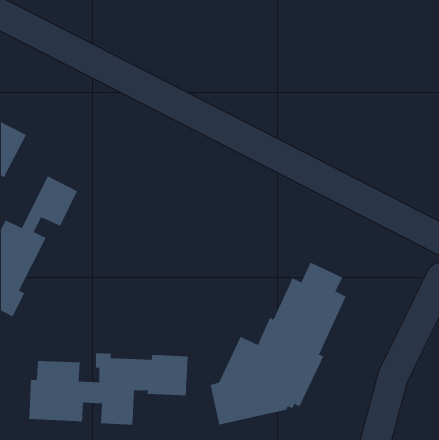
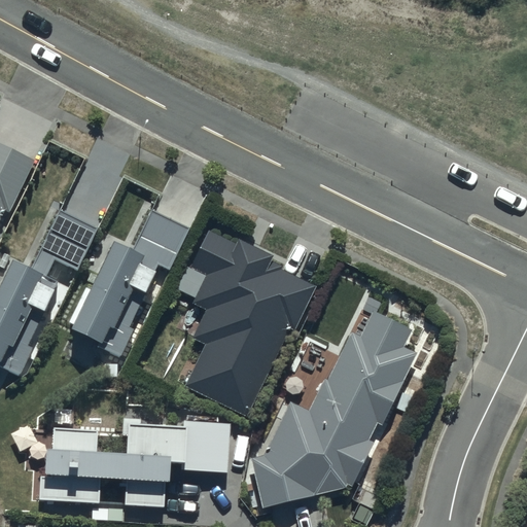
building: none -> [67,211,187,356]
building: none -> [185,230,315,415]

